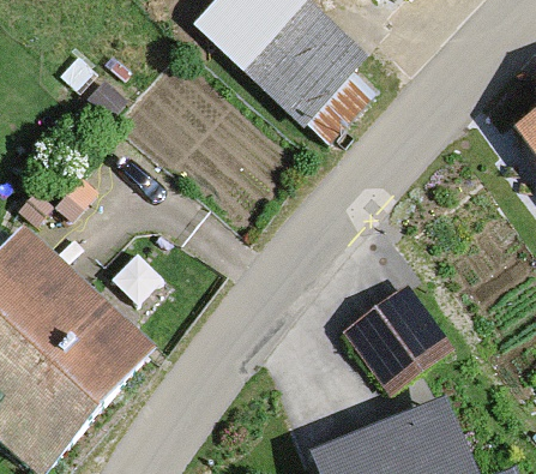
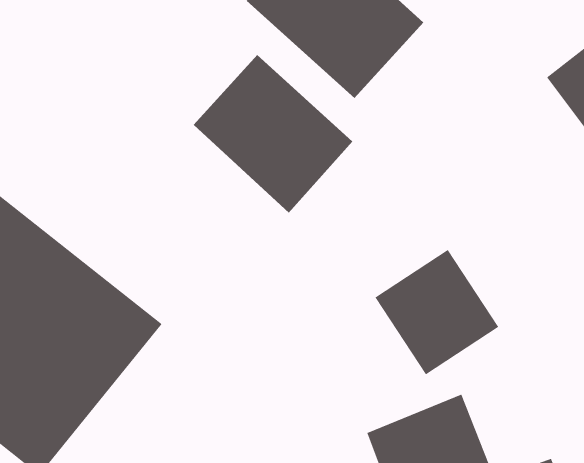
building: none -> [193,54,353,214]

